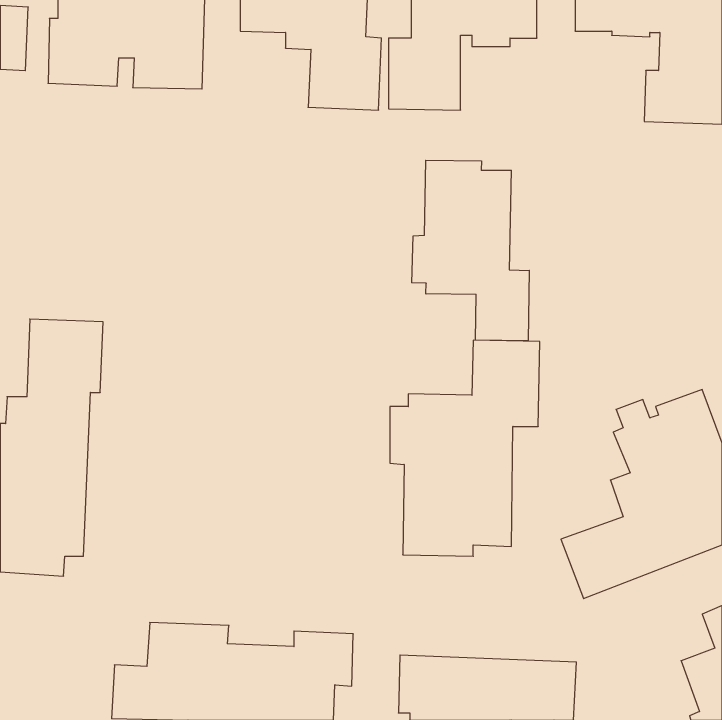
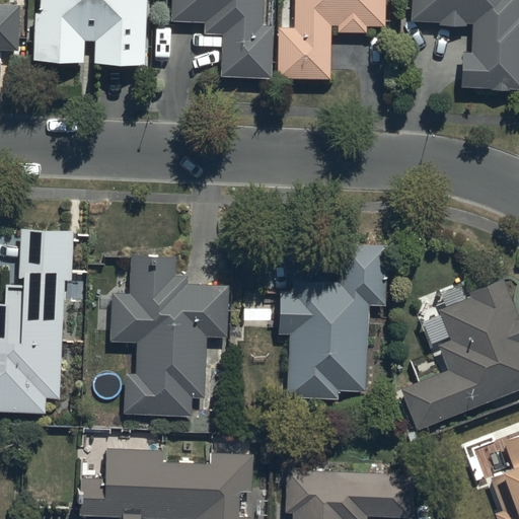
building: [412,160,529,341] -> none
building: none -> [110,255,228,417]

